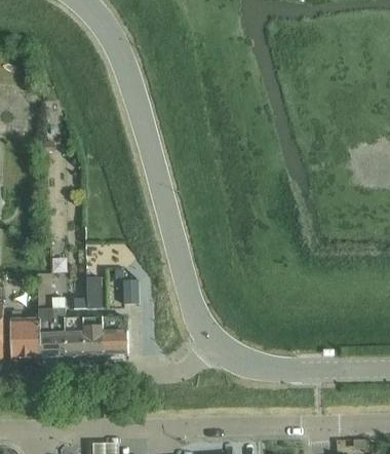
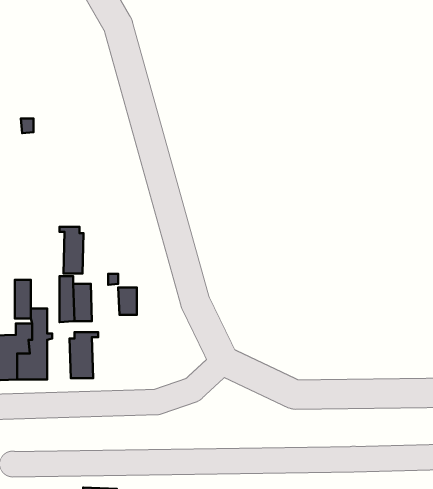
building: none -> [59,227,84,273]
building: [101,316,127,355] -> none
building: [64,317,86,356] -> none

